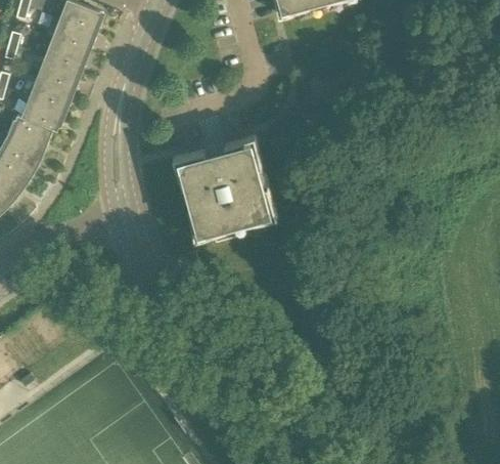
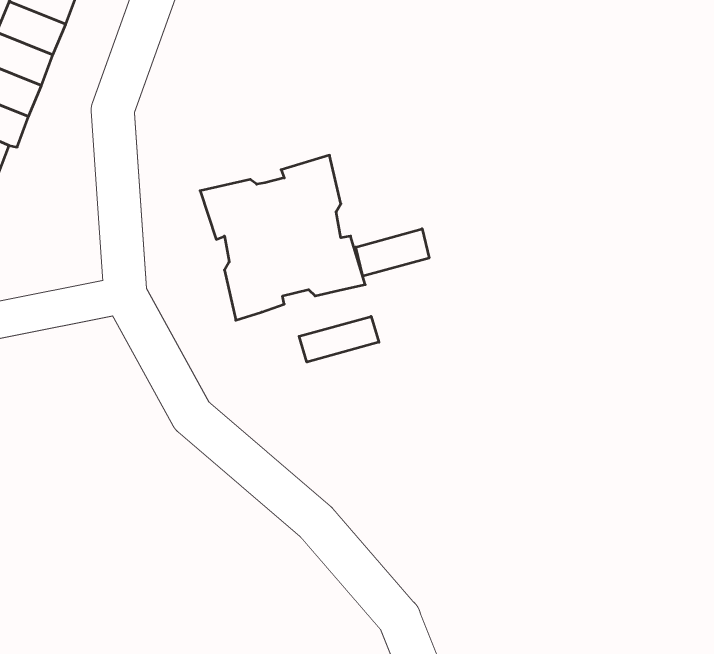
building: none -> [356,229,429,276]
building: none -> [299,316,379,362]

